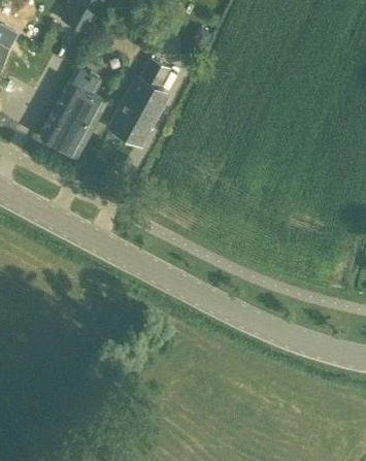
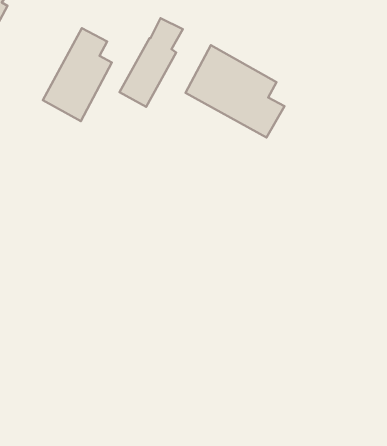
building: none -> [186,45,284,138]

